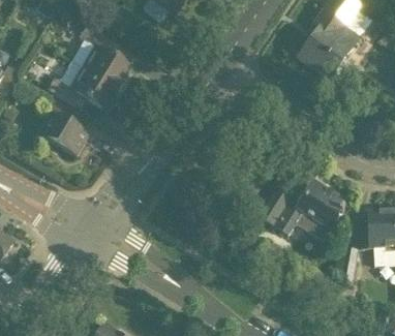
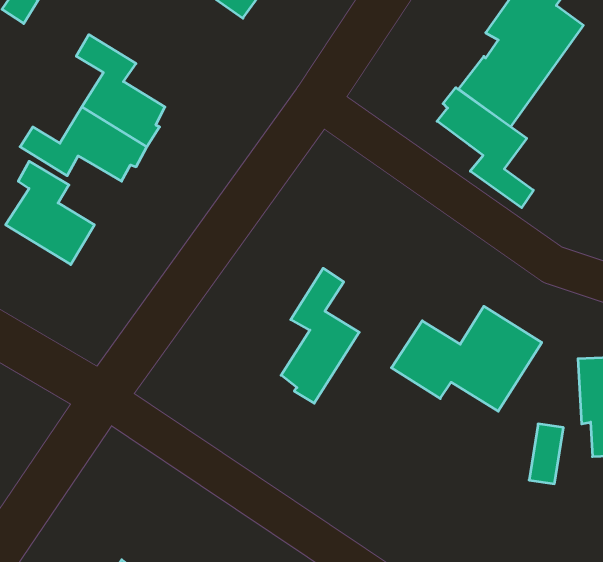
building: none -> [437,88,533,208]
building: none -> [281,268,359,403]

